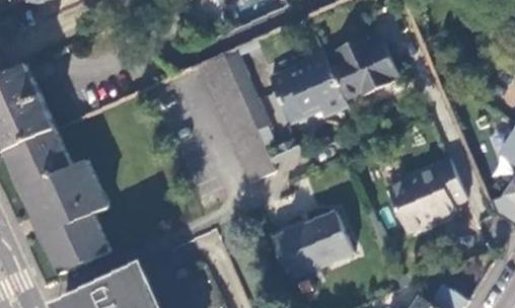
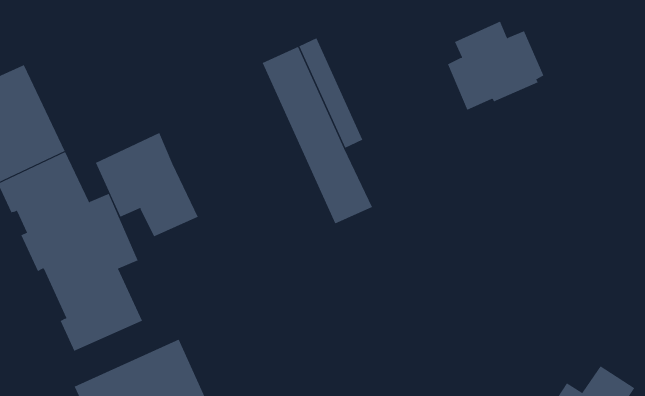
building: [271,55,347,120] -> none
building: none -> [95,132,198,237]
building: [386,158,465,231] -> none
building: [274,212,353,281] -> none

